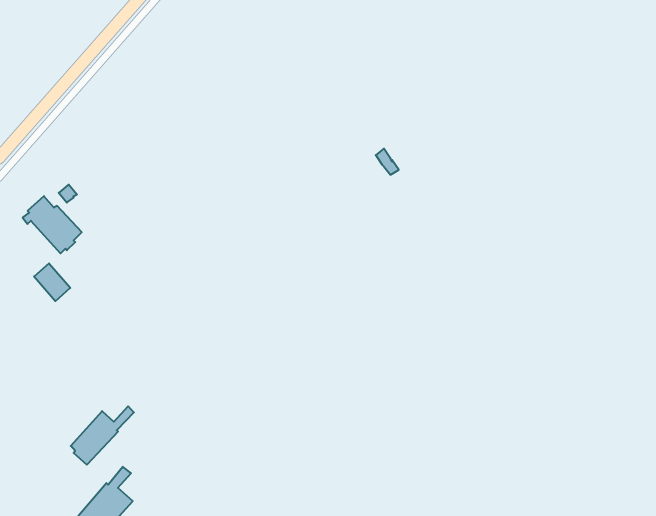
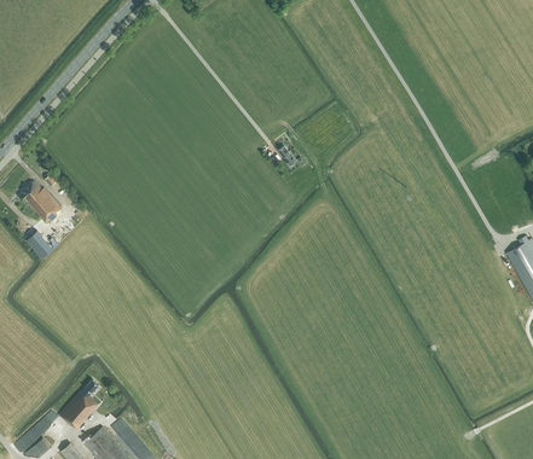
building: [71,406,134,465] -> none

